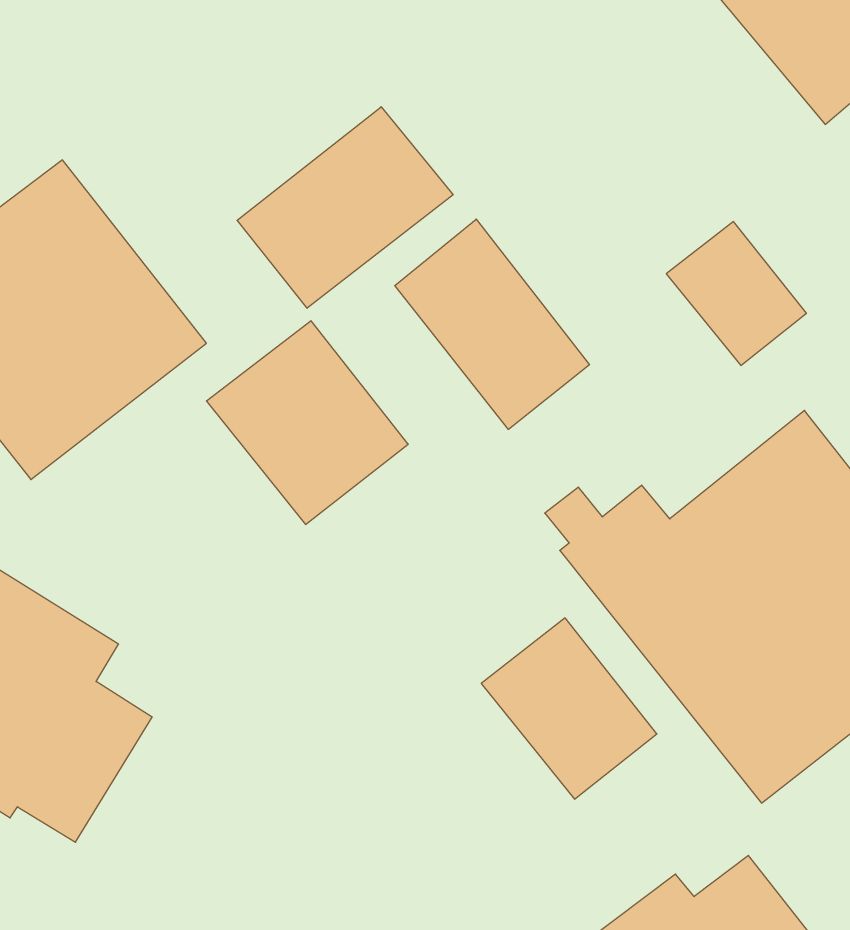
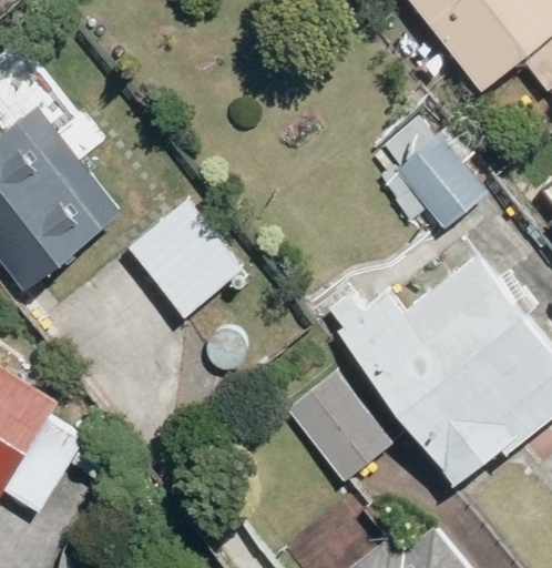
building: [237,107,453,308] -> none
building: [395,219,589,429] -> none

